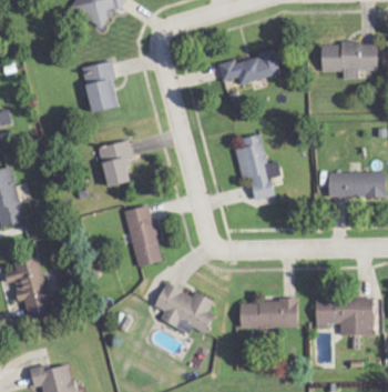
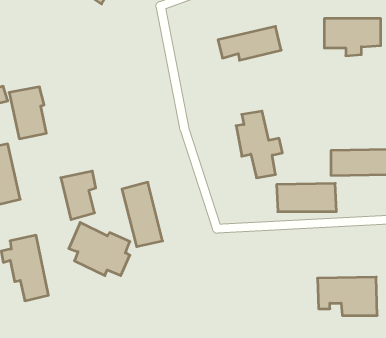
building: [81,61,118,112] -> [9,87,46,139]
building: [98,140,132,188] -> [61,171,96,220]
building: [154,282,214,334] -> [69,222,130,276]
building: [239,300,298,328] -> [277,183,336,212]

